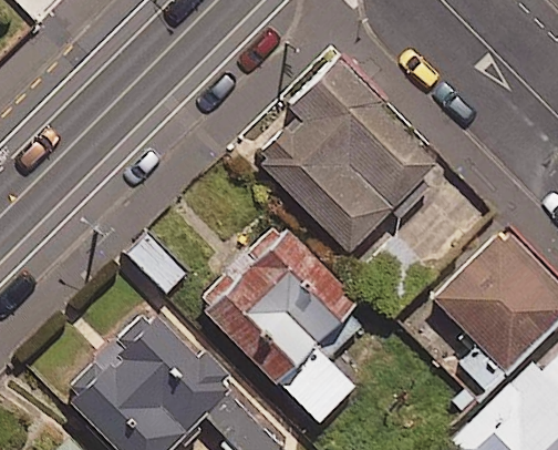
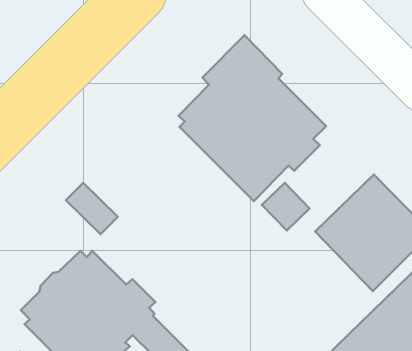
building: [208,232,369,427] -> none

